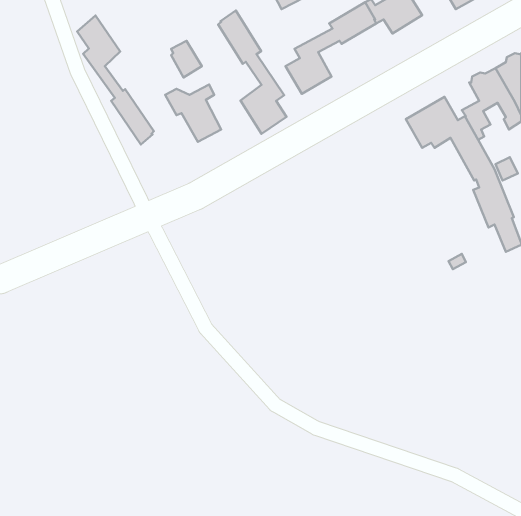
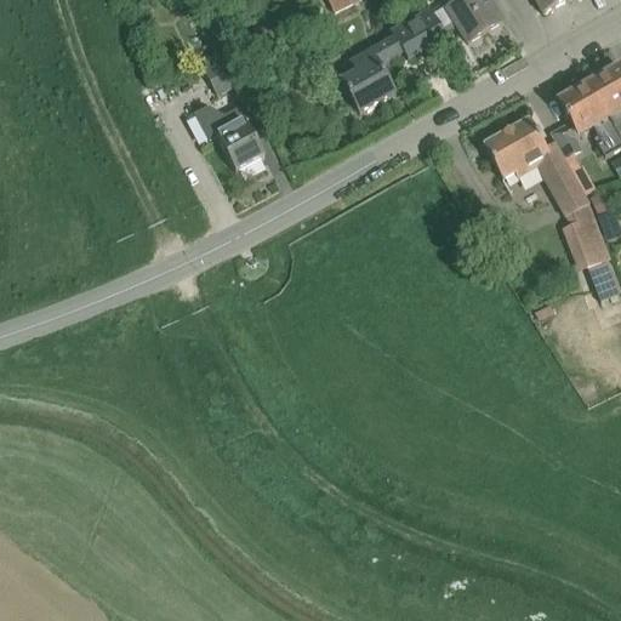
building: [218,11,286,134] -> none
building: [77,16,154,145] -> none

